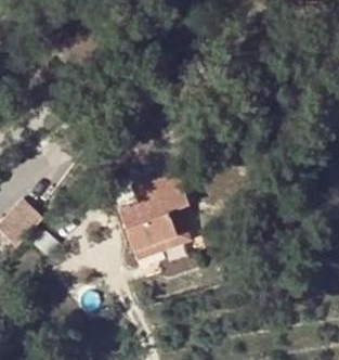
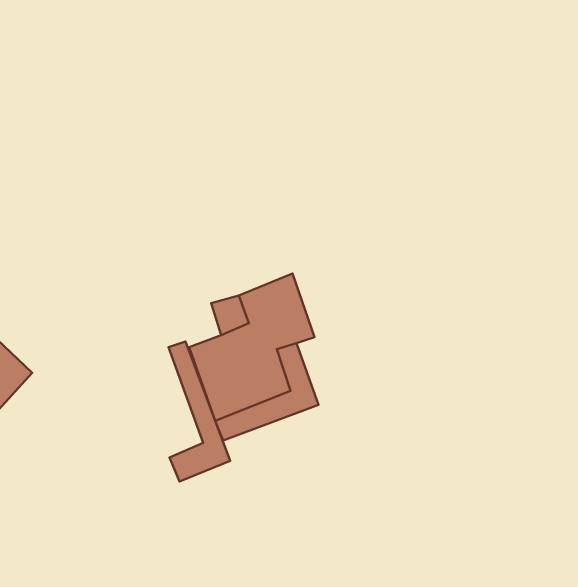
building: none -> [169,342,230,481]

